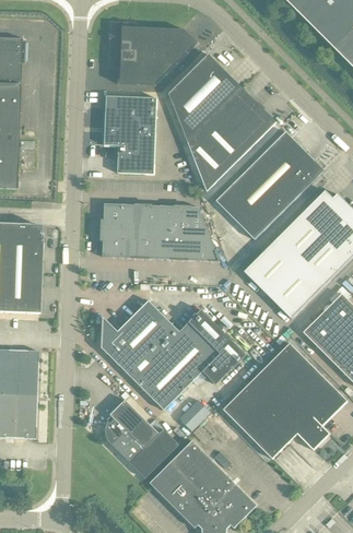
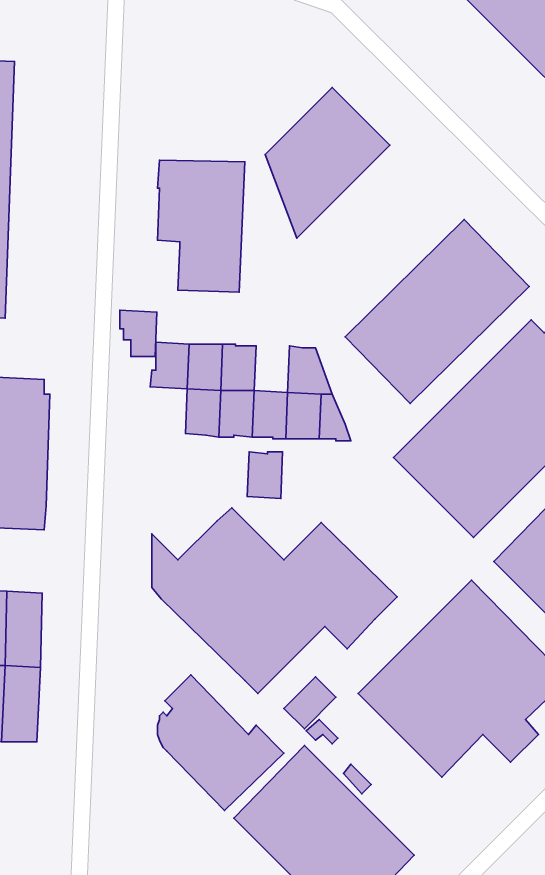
building: [107,21,197,84] -> none
building: [187,87,276,191] -> none
building: [162,205,183,233] -> [247,452,283,498]
building: [101,229,122,257] -> [120,310,157,357]

